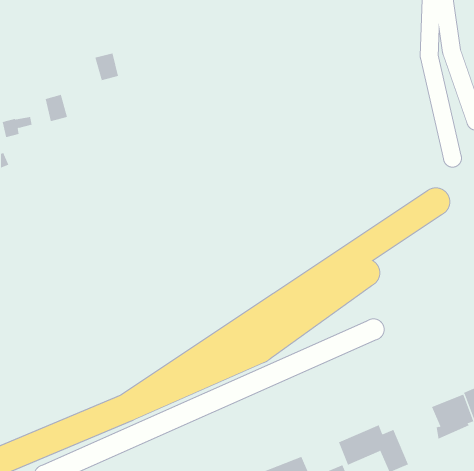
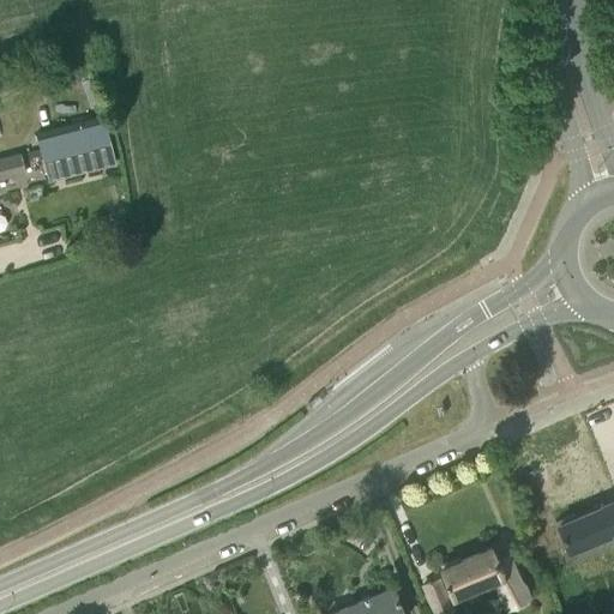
building: [95,53,119,81] -> [82,121,113,157]
building: none -> [37,133,67,169]

